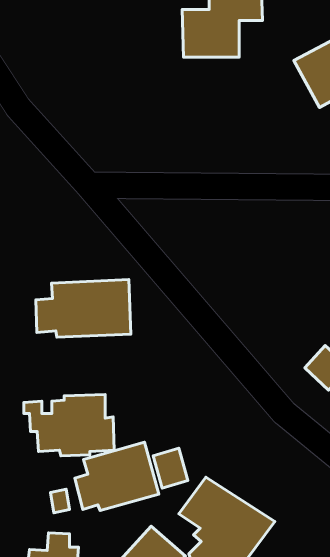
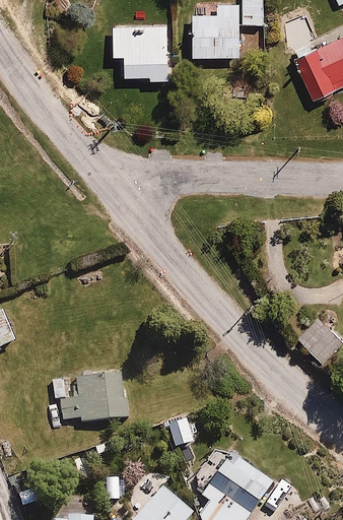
building: none -> [113,20,170,83]
building: [36,280,131,337] -> none
building: [75,442,159,510] -> none

